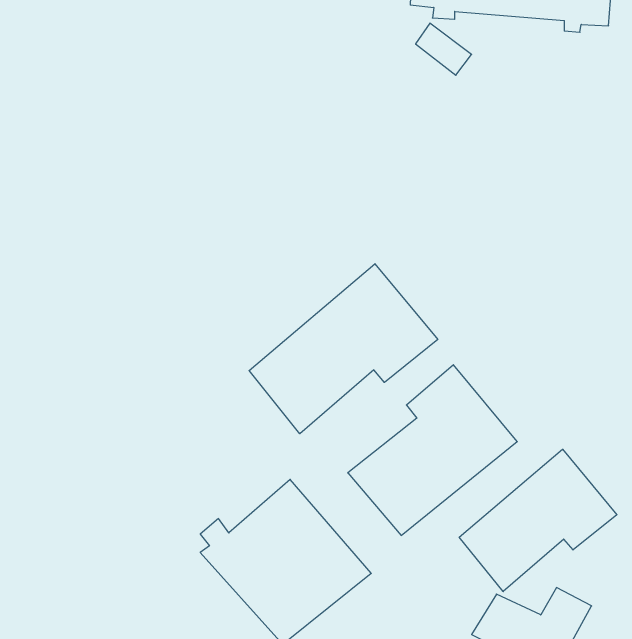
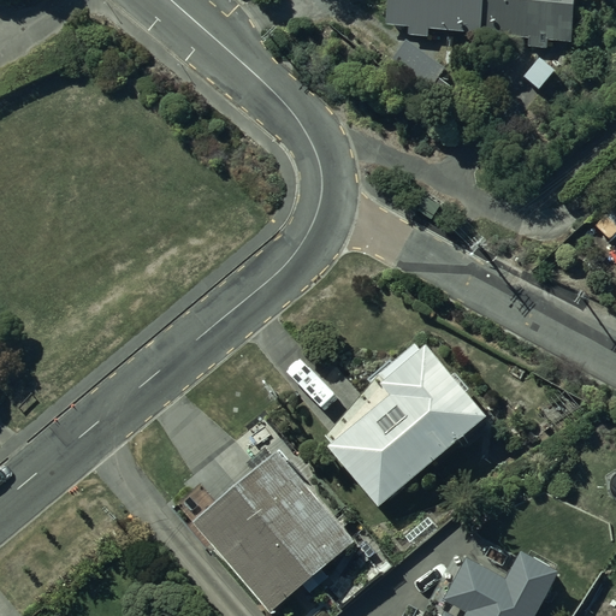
building: [249,264,438,434] -> none
building: [459,449,617,592] -> none

